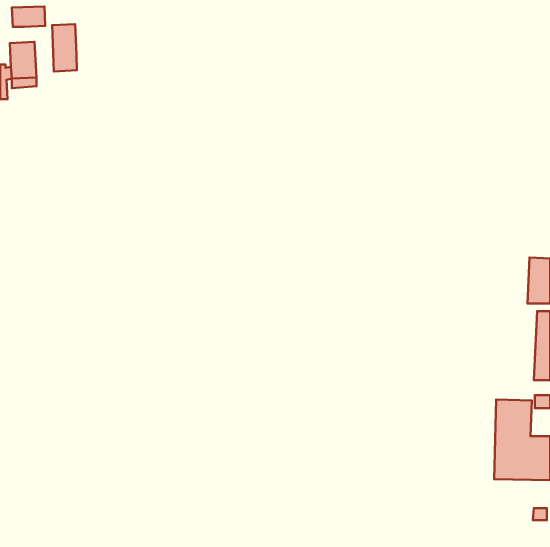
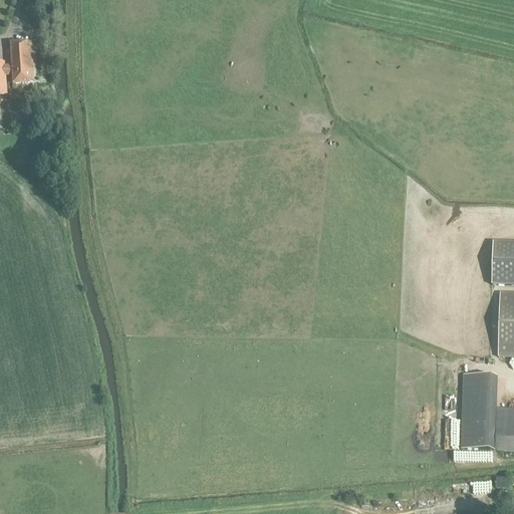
building: [12,6,45,27] -> none
building: [52,24,77,71] -> none

